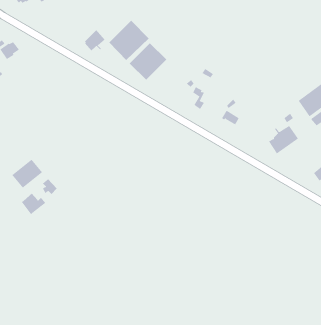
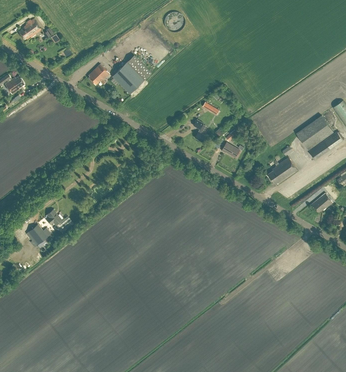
building: [129,43,167,80] -> none
building: [12,159,43,188] -> none

